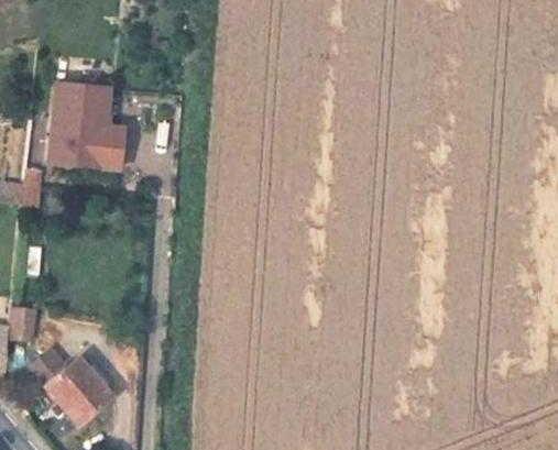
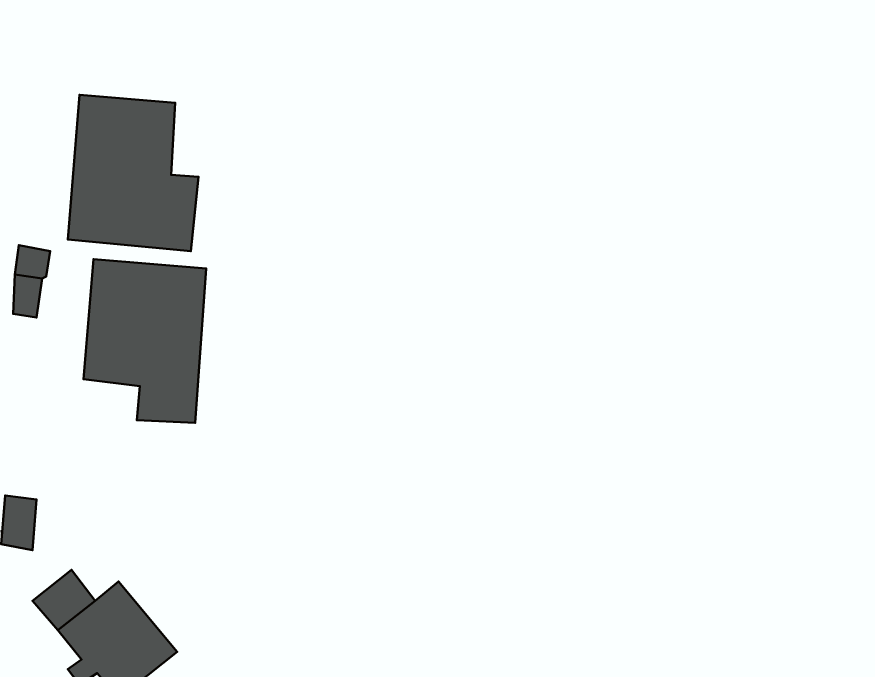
building: none -> [84,259,206,423]

